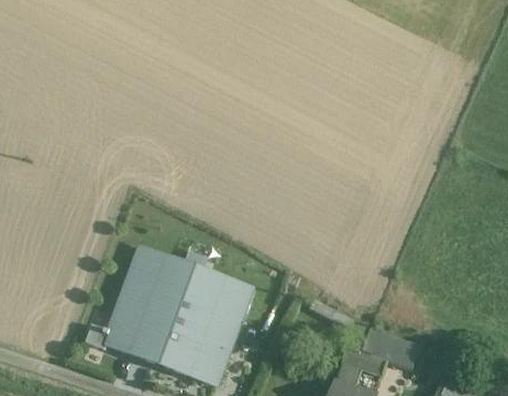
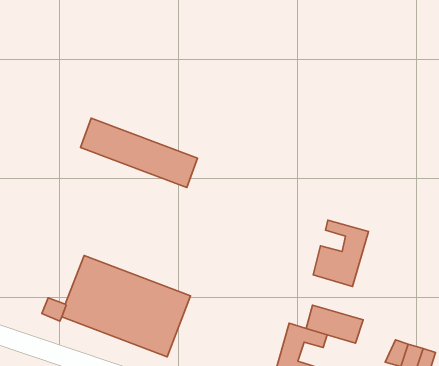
building: none -> [313,220,369,286]
building: [130,248,252,320] -> [81,118,198,188]

